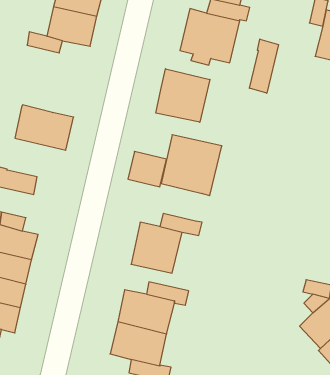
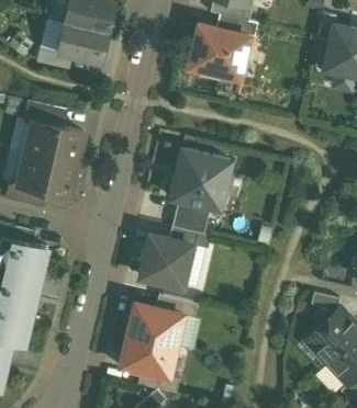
building: [249,39,278,93] -> none
building: [156,69,210,122] -> none
building: none -> [23,101,67,127]
building: none -> [18,152,76,196]
building: [128,151,167,187] -> [172,200,211,235]

